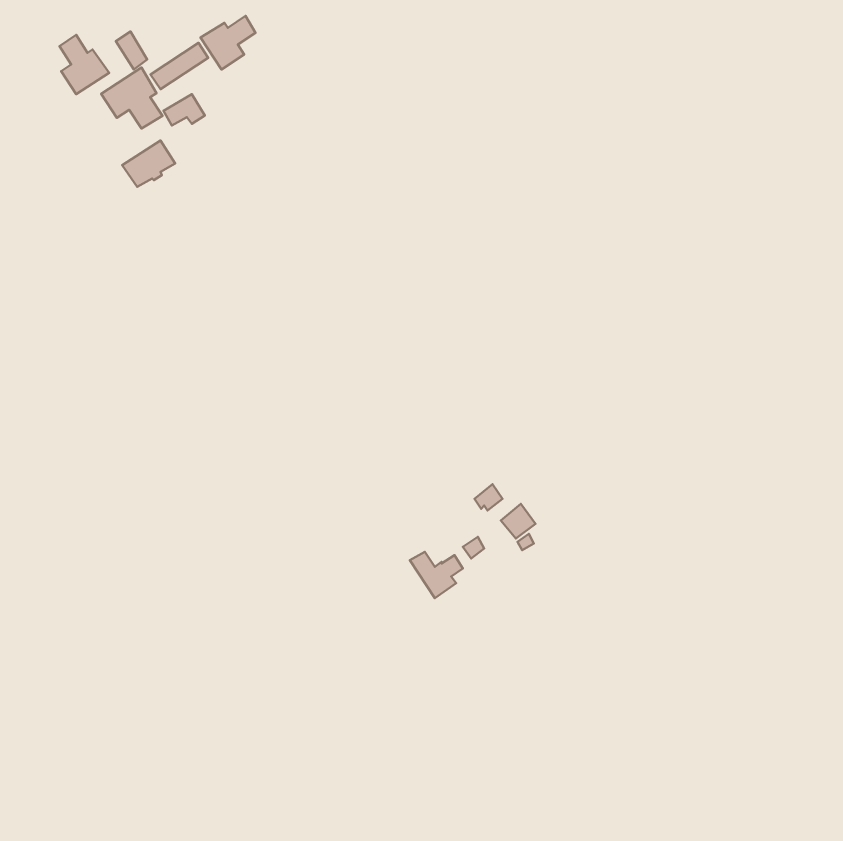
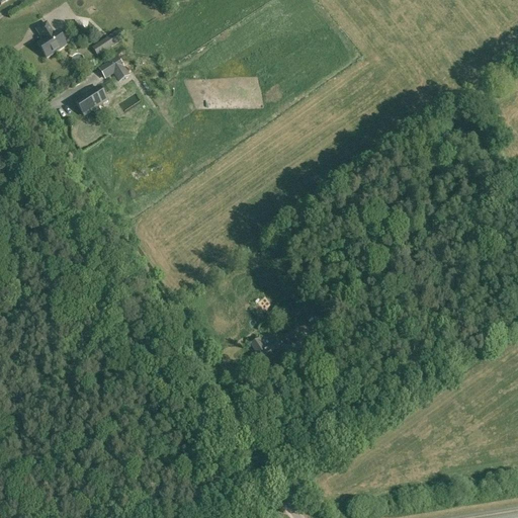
building: [200,16,256,69] -> none
building: [101,68,163,129] -> none

